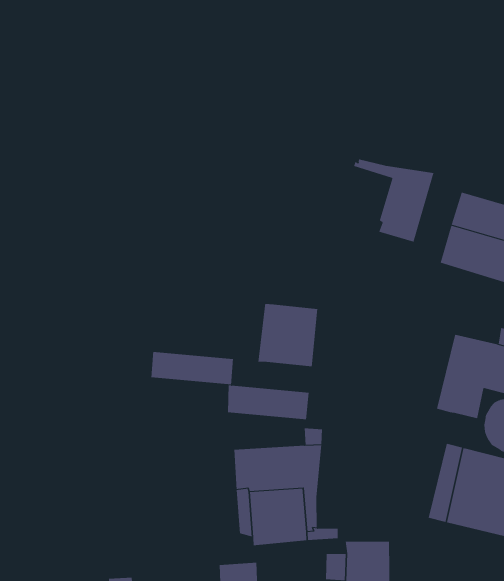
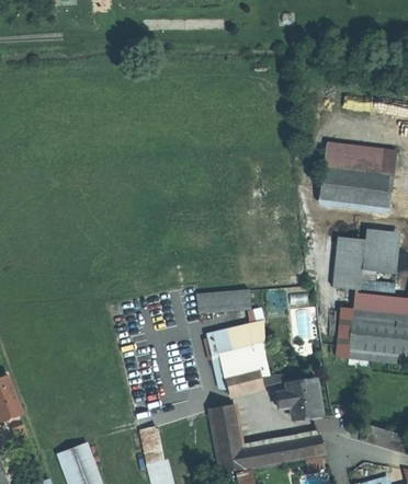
building: [353,158,434,242] -> none
building: [258,303,318,367] -> none
building: [151,351,233,385] -> none

